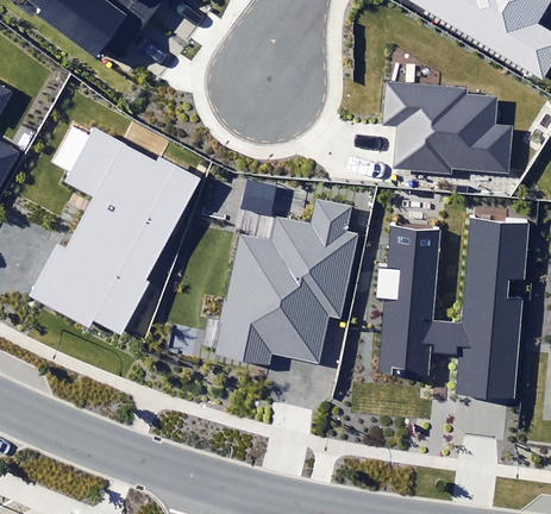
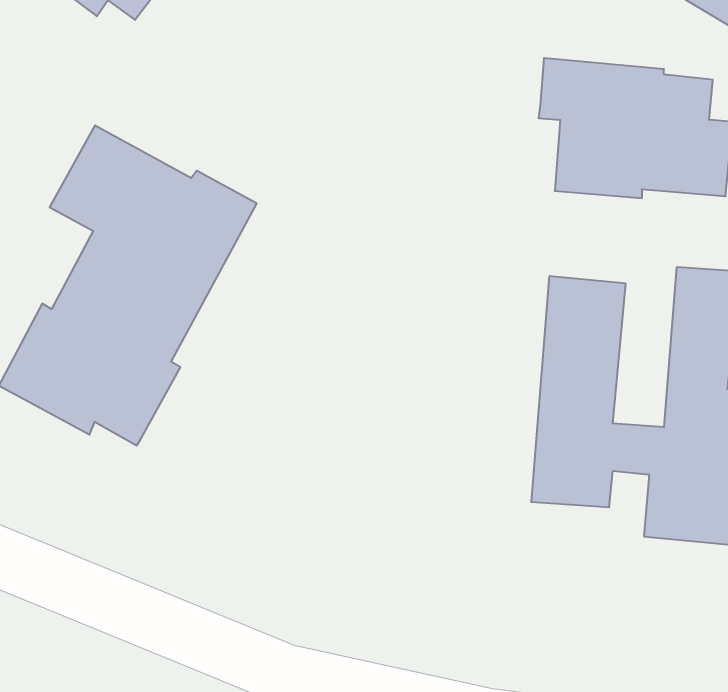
building: [217,200,358,368] -> none

